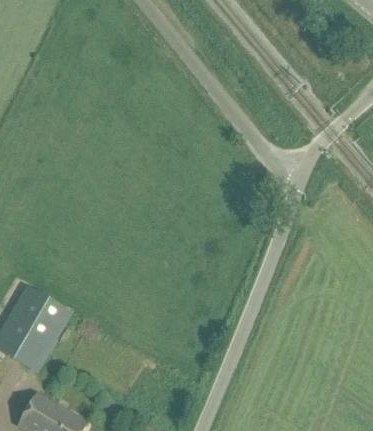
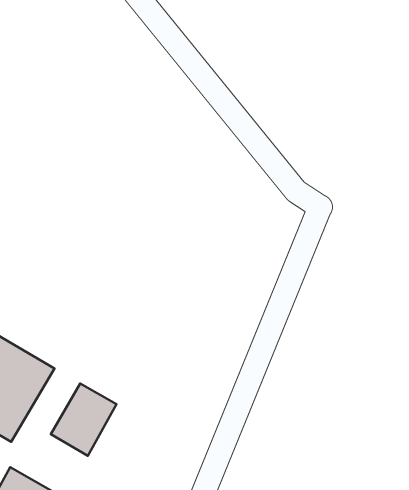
building: none -> [51,384,117,456]

